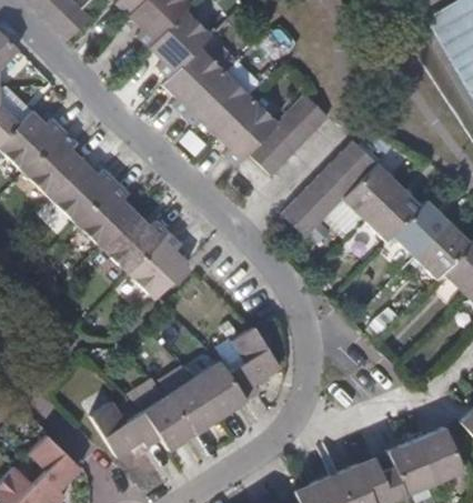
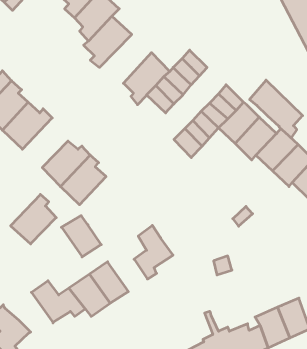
building: [182,70,252,135] -> none
building: none -> [250,80,303,138]
building: [79,182,140,249] -> [11,194,56,244]
building: [193,360,246,415] -> [61,216,101,257]

